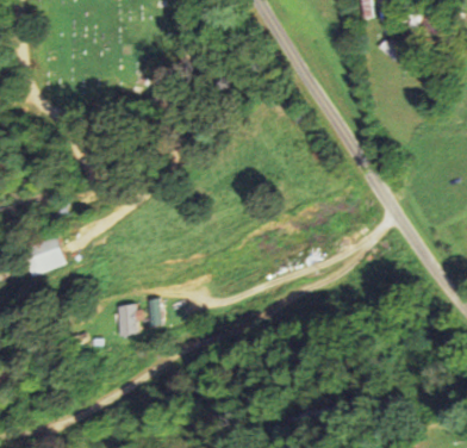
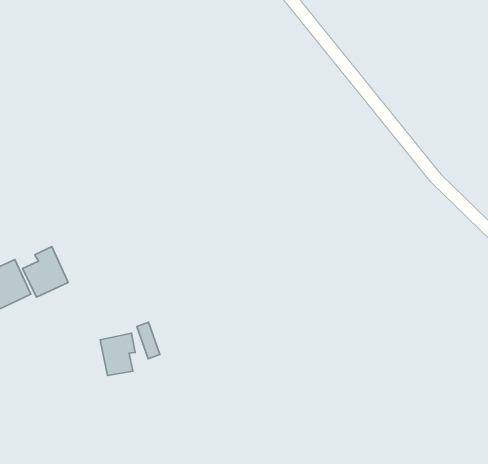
building: none -> [23,247,68,297]

